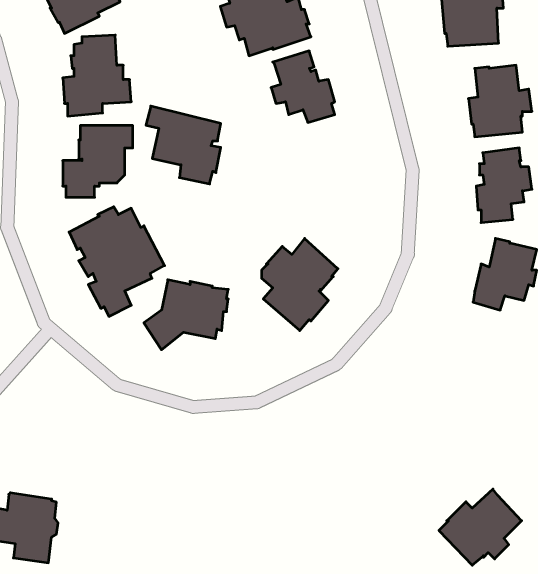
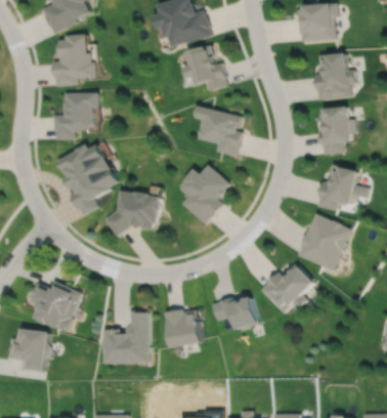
building: [146,106,221,184] -> [196,106,244,156]
building: none -> [297,214,349,270]
building: none -> [30,282,81,333]
building: none -> [211,296,258,332]
building: none -> [101,310,148,364]
building: none -> [163,310,201,350]
building: [439,489,522,565] -> [260,264,313,314]

